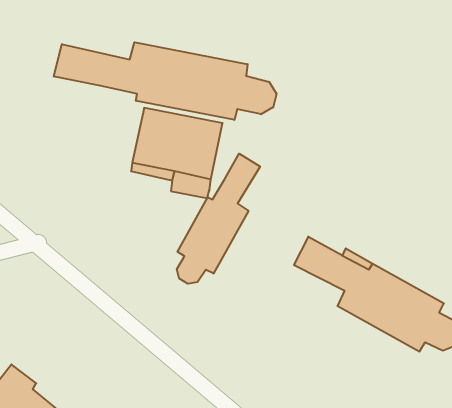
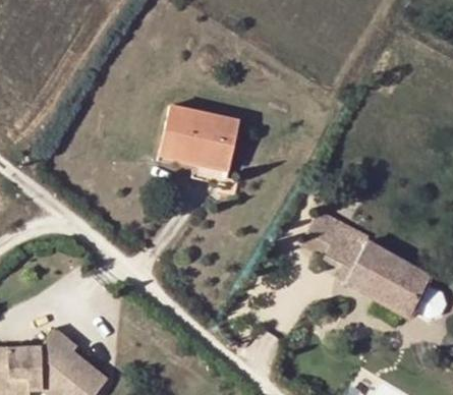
building: [54,42,277,120] -> none
building: [177,154,260,284] -> none

